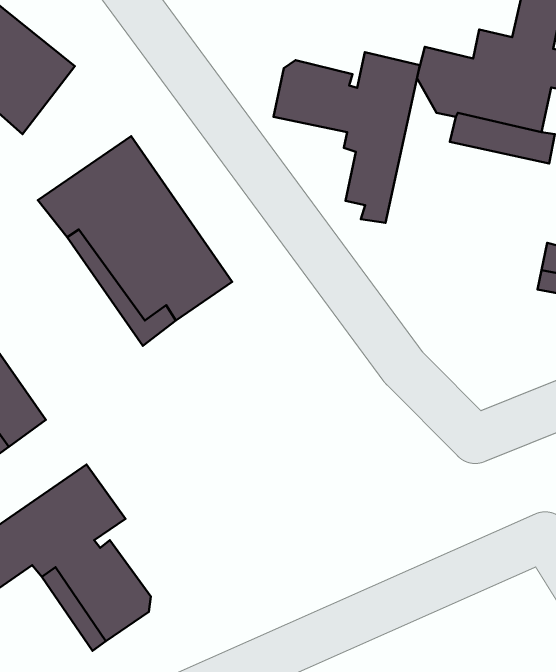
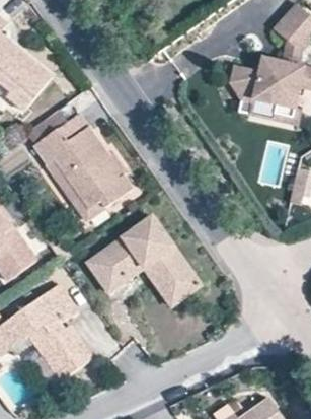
building: [274,52,420,223] -> none
building: none -> [88,216,201,306]

